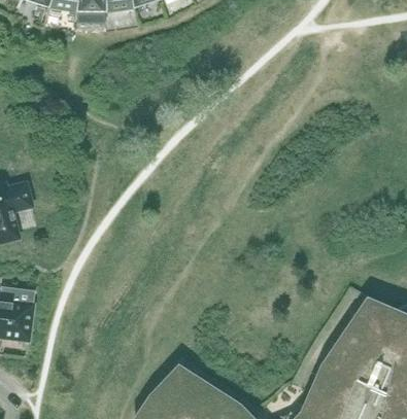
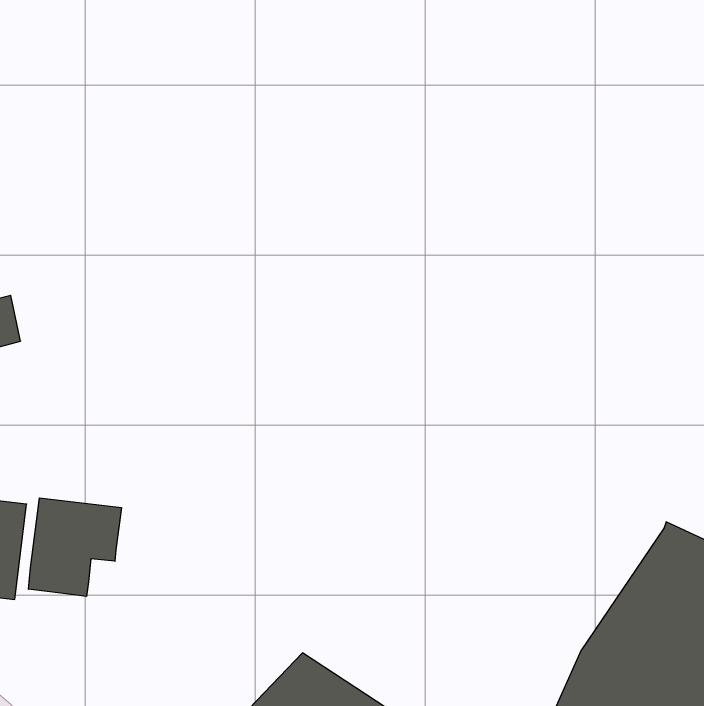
building: none -> [29,498,121,596]

